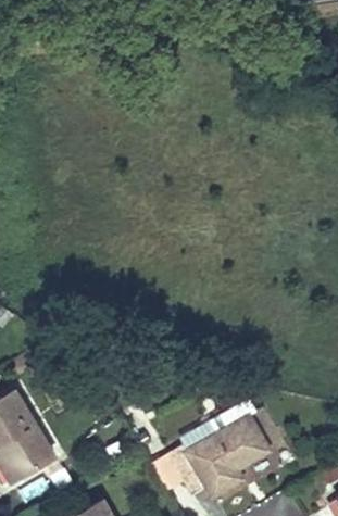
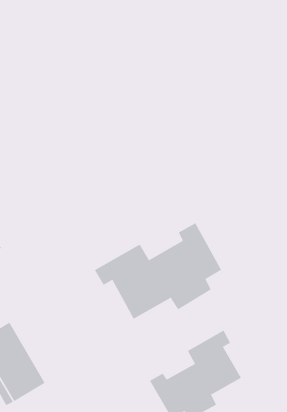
building: none -> [94,223,222,319]

